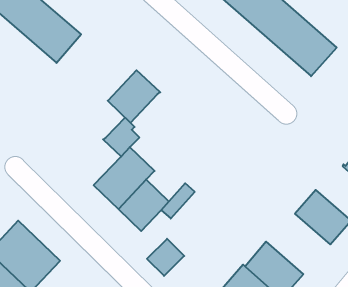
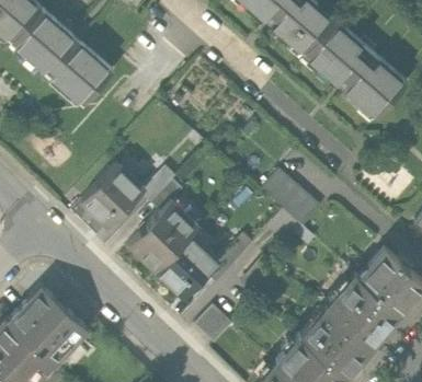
building: [108,70,160,123] -> [81,165,141,225]
building: none -> [258,171,317,227]
building: none -> [326,276,399,347]

